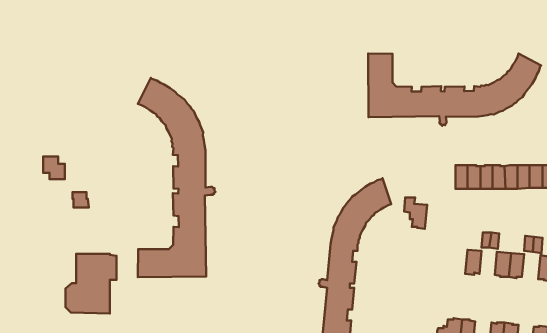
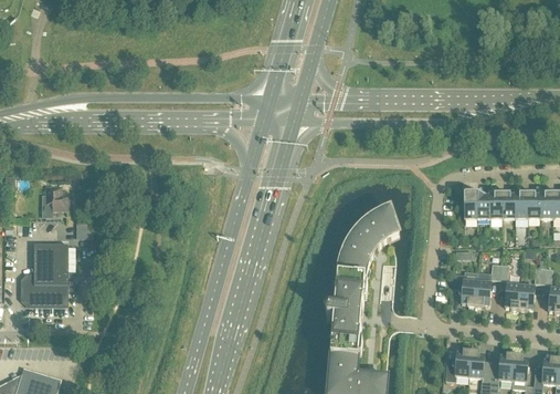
building: [368,54,541,126] -> none
building: [138,78,216,277] -> none
building: [404,197,427,229] -> [453,271,476,303]
building: [65,254,117,314] -> [22,242,74,303]

